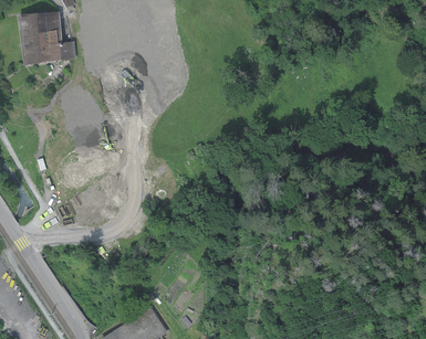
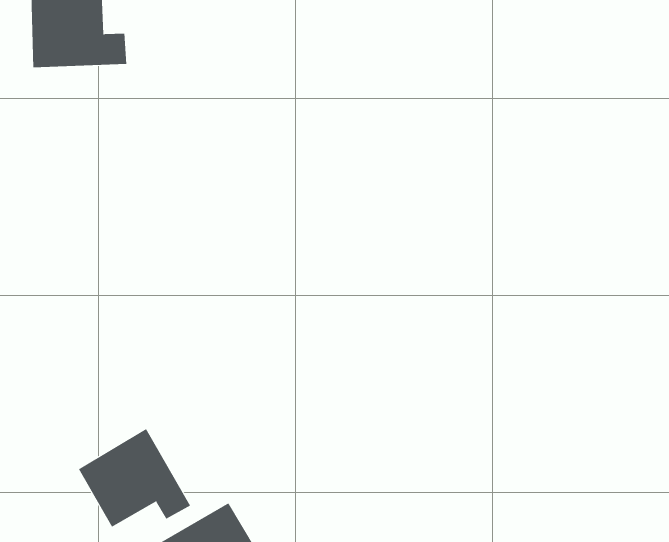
building: none -> [78,428,191,528]

